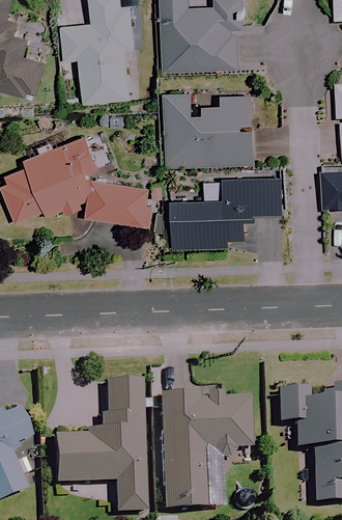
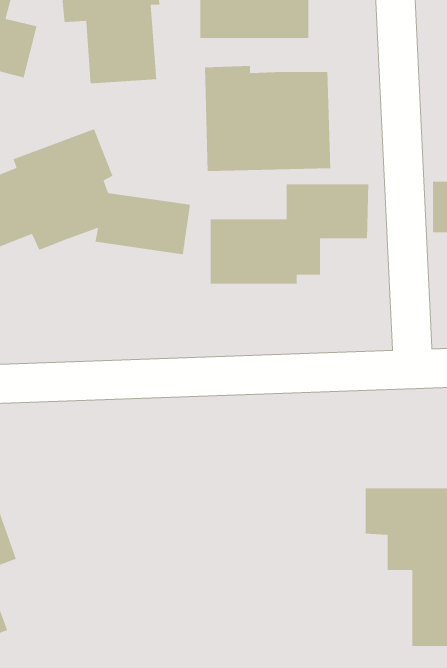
building: [51,383,143,513] -> none
building: [165,388,255,503] -> none

